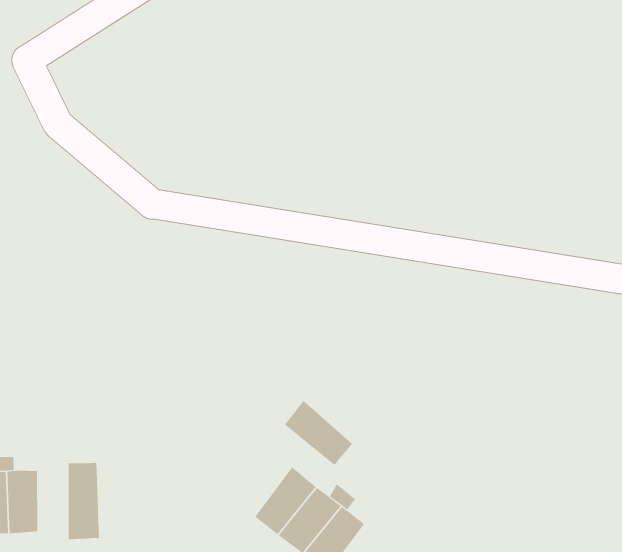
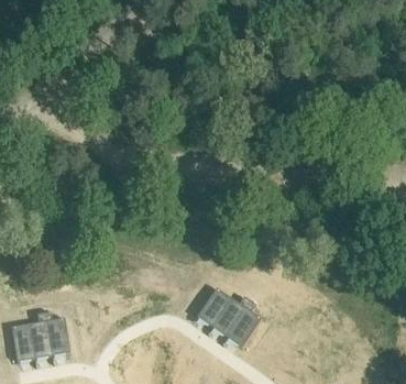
building: [284,400,353,466] -> none
building: [68,462,99,540] -> none

